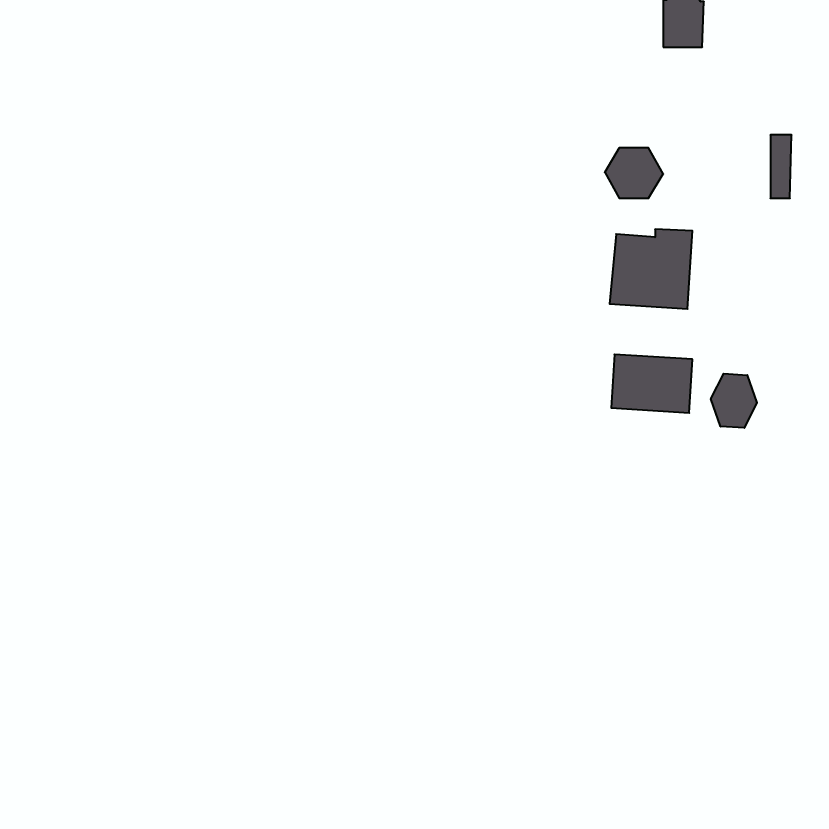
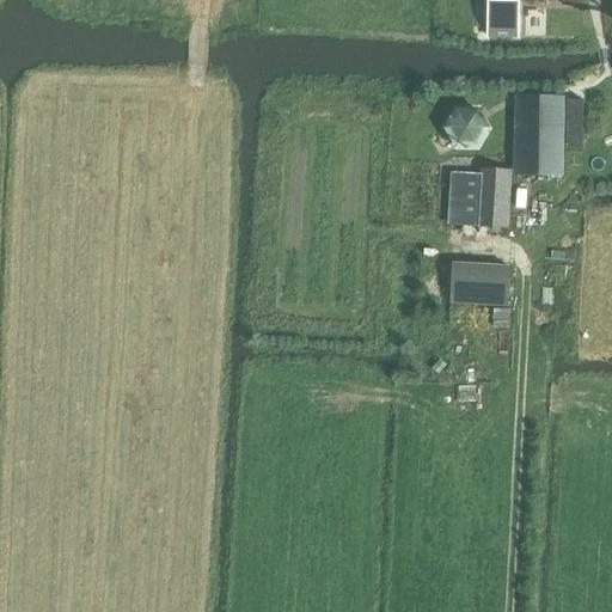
building: none -> [514,97,564,173]
building: [711,374,757,428] -> none

